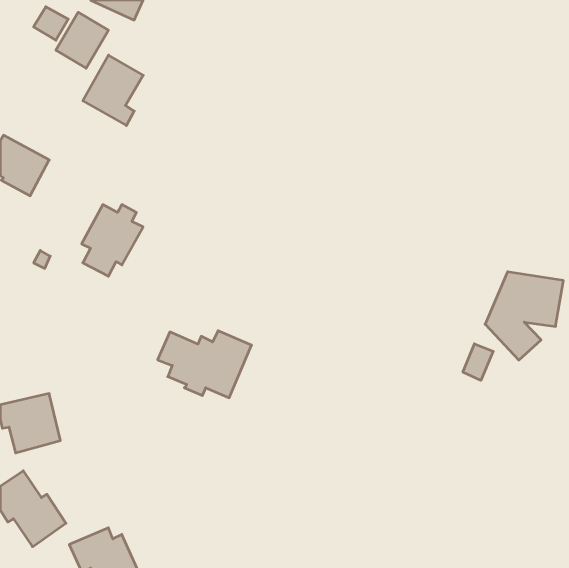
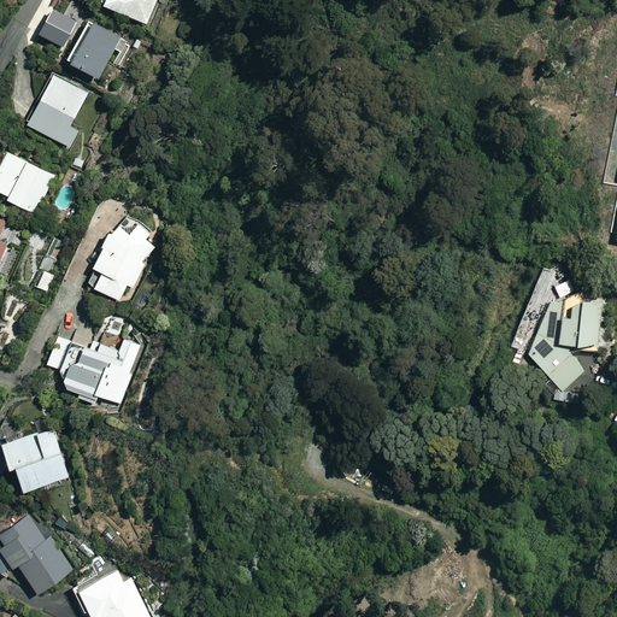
building: [83,55,143,126] -> [23,72,88,148]
building: [158,331,252,398] -> [47,335,148,407]
building: [463,344,493,380] -> none

